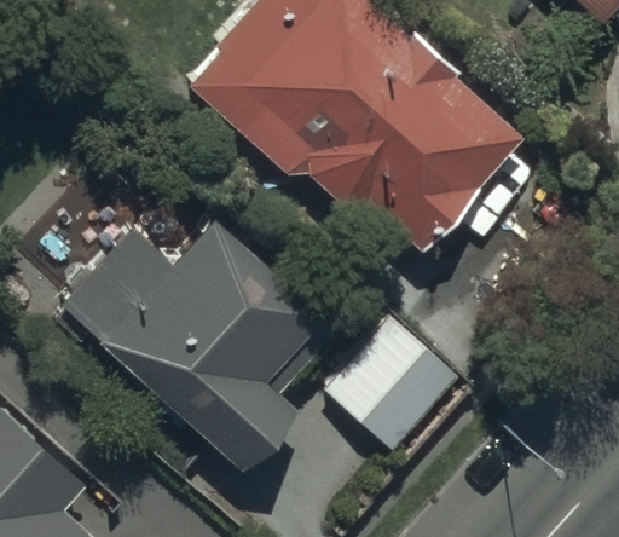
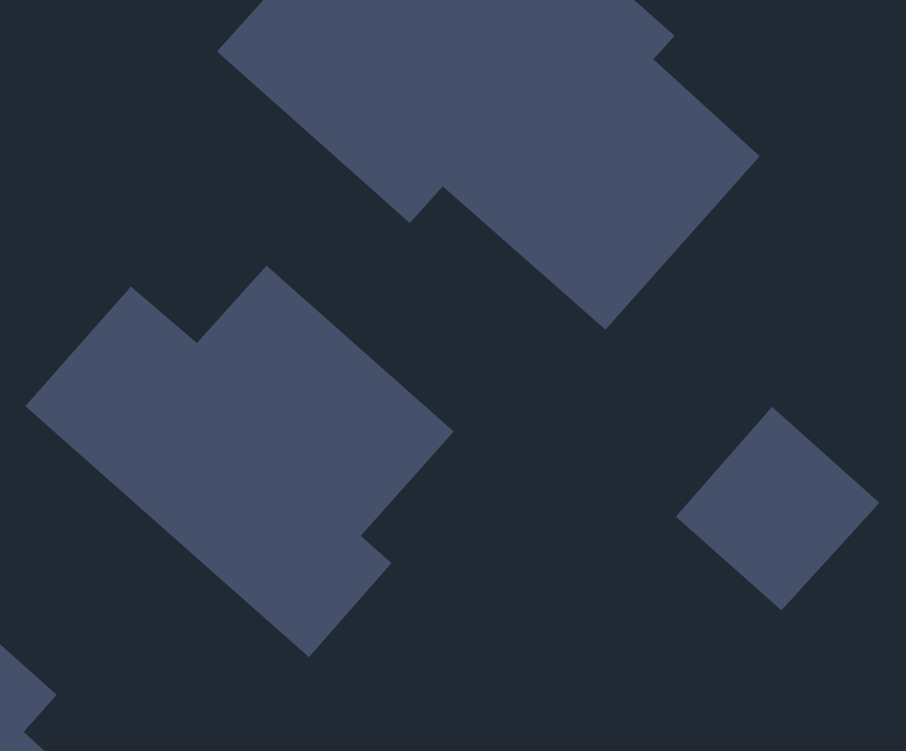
building: [328,318,456,446] -> [675,406,880,611]

